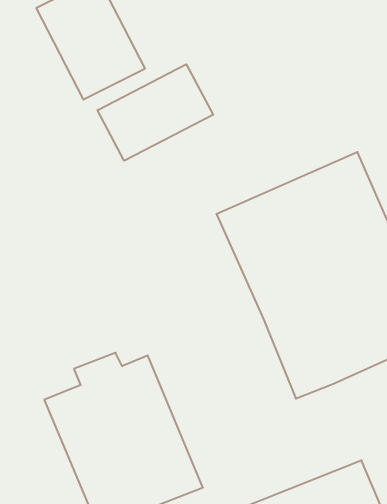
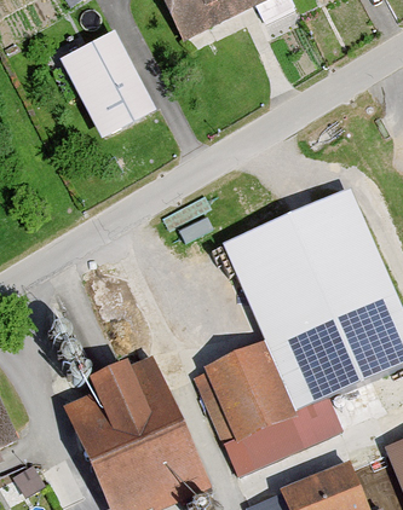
building: [97,64,213,161] -> none
building: none -> [194,337,340,471]

